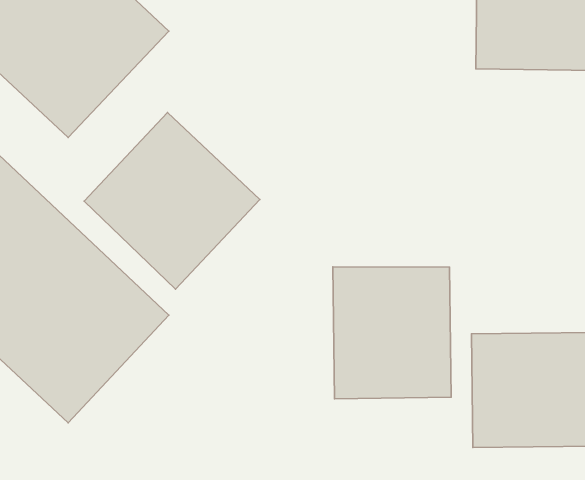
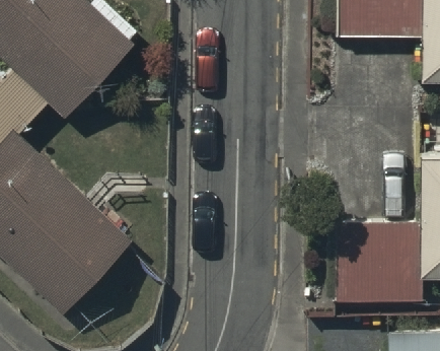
building: [84,112,260,289] -> none
building: [333,267,451,399] -> none

